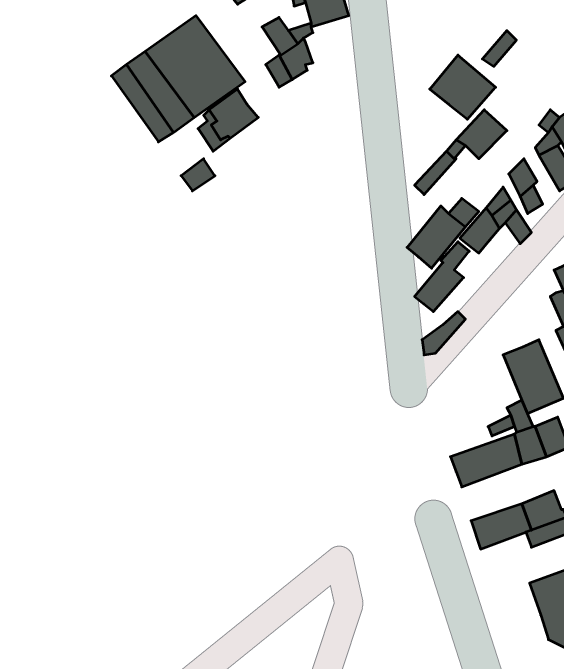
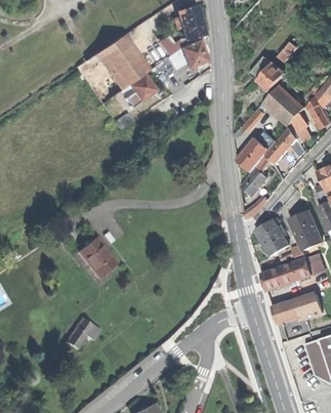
building: none -> [182,40,208,67]
building: none -> [277,96,304,124]
building: none -> [255,218,290,256]
building: none -> [78,236,118,277]
building: none -> [67,316,99,347]

